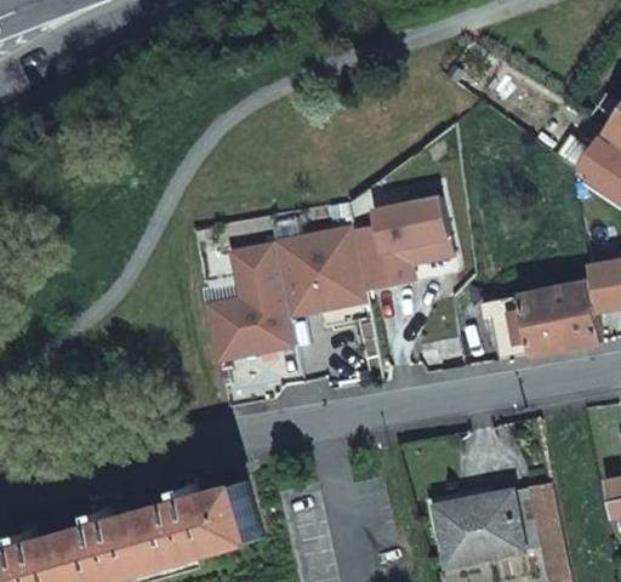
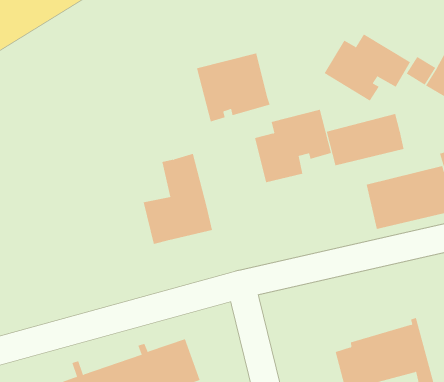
building: none -> [324,33,411,101]
building: none -> [326,113,404,166]
building: [274,228,368,314] -> [196,53,270,122]

